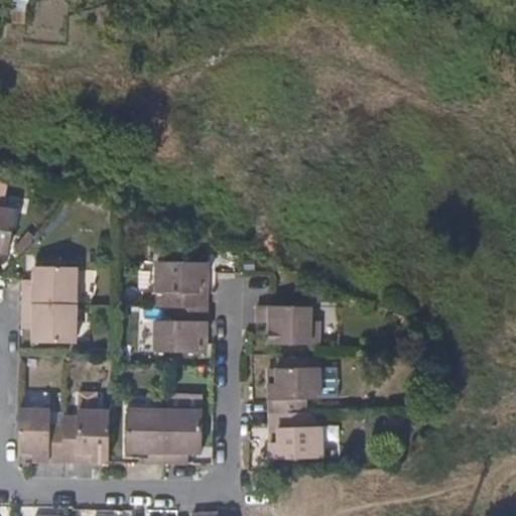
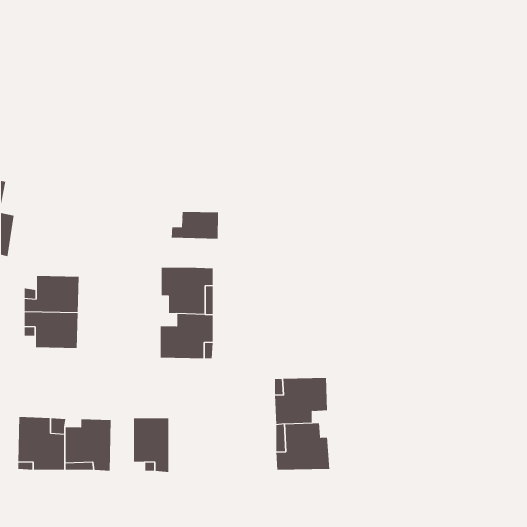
building: none -> [171,211,219,240]
building: [257,304,318,346] -> none
building: [165,408,201,462] -> none

